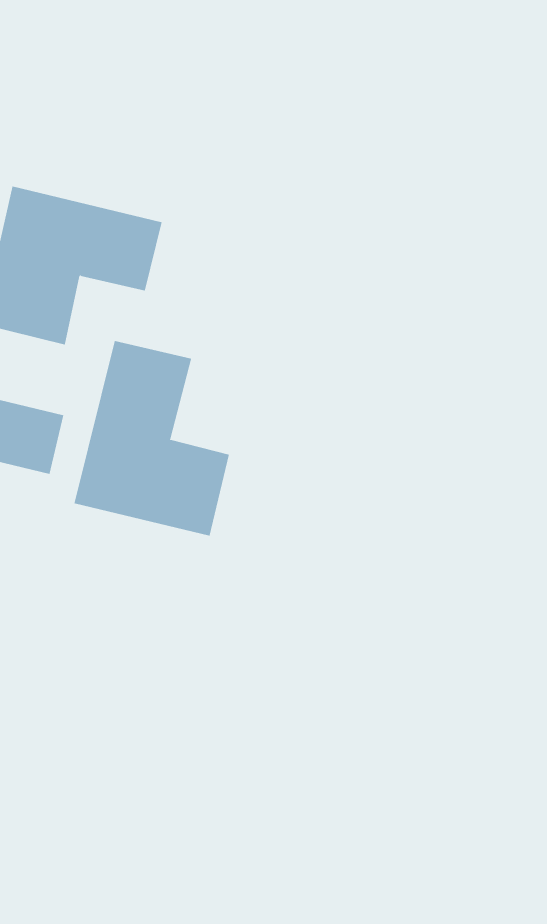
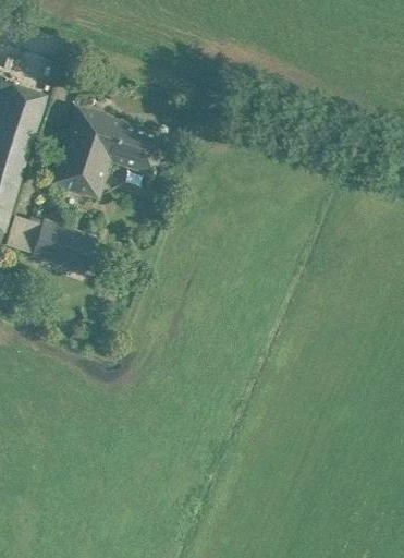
building: [74,340,230,536] -> none

